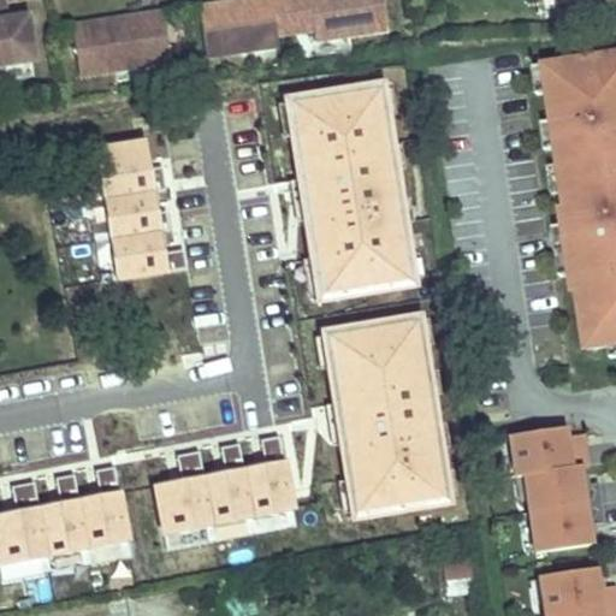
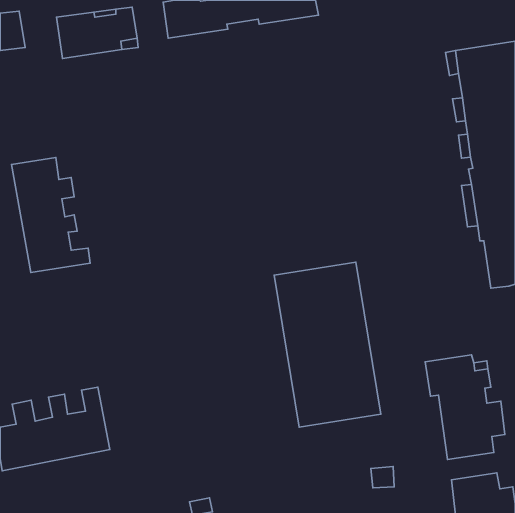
building: [289,77,419,292] -> none
building: [94,142,188,279] -> [12,157,90,272]
building: [159,432,296,532] -> none

